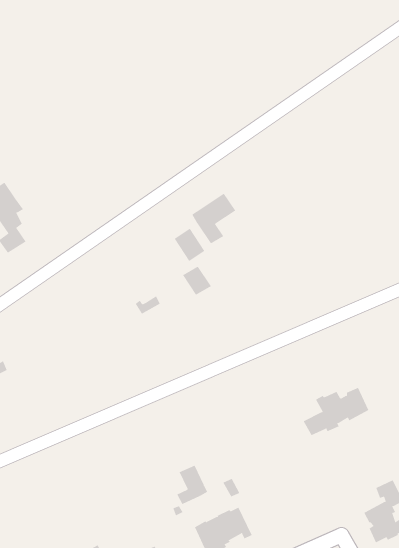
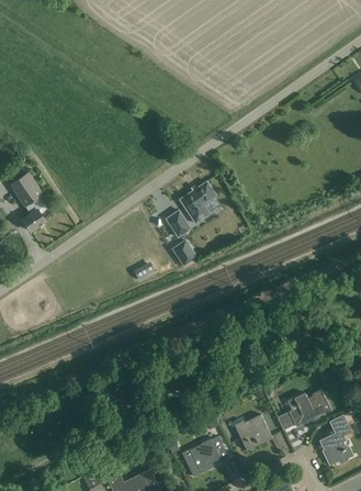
building: [303,387,369,436] -> [277,391,330,431]
building: [176,465,208,505] -> none
building: none -> [235,415,272,451]

